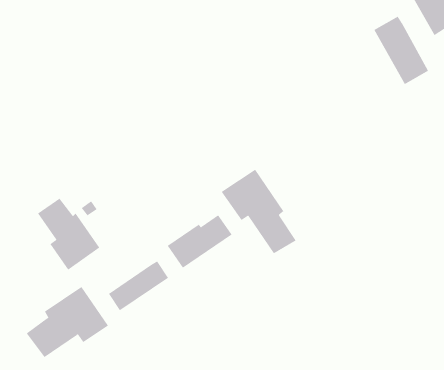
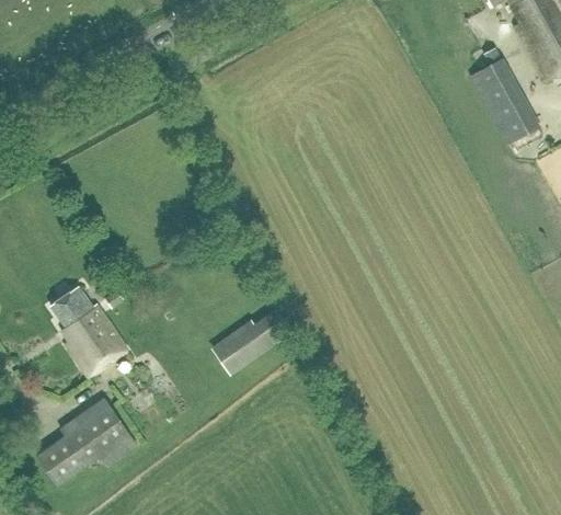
building: [221,169,296,254] -> none
building: [108,260,169,311] -> none

